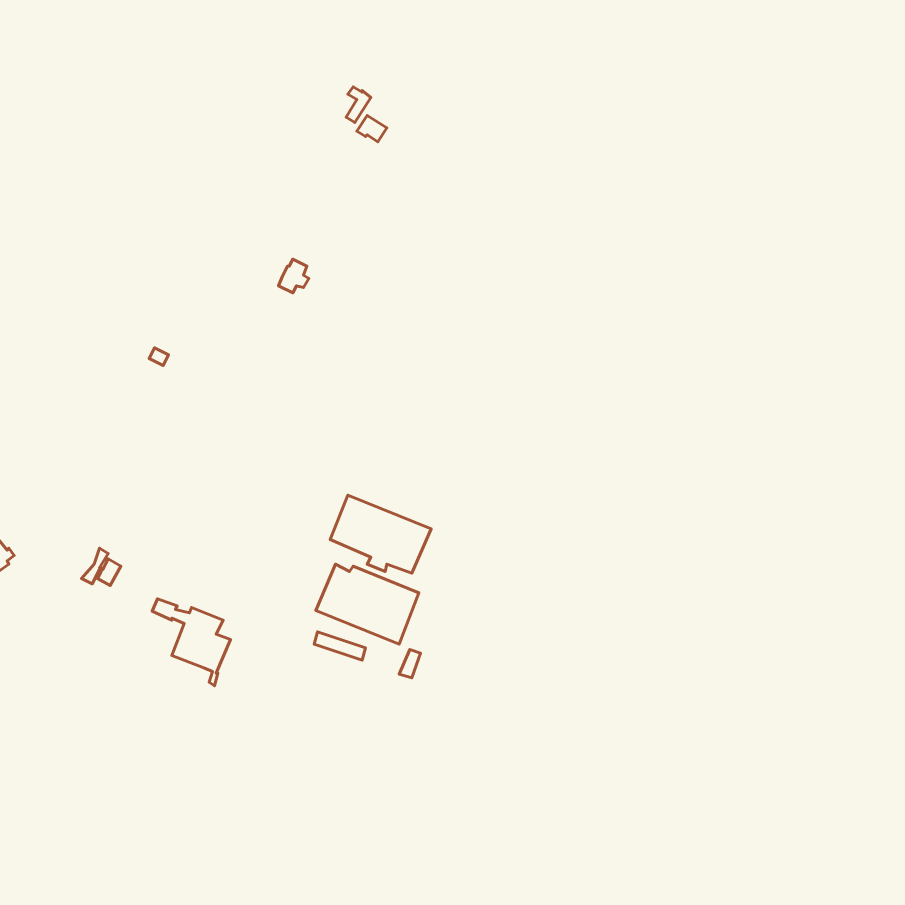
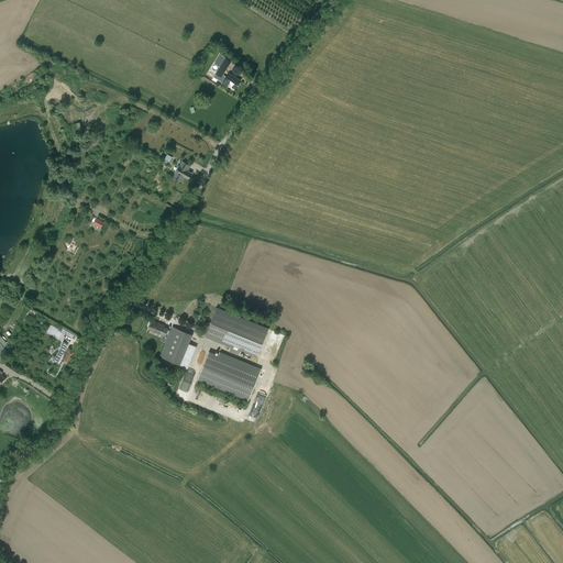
building: [152,599,230,686] -> [147,320,196,374]

